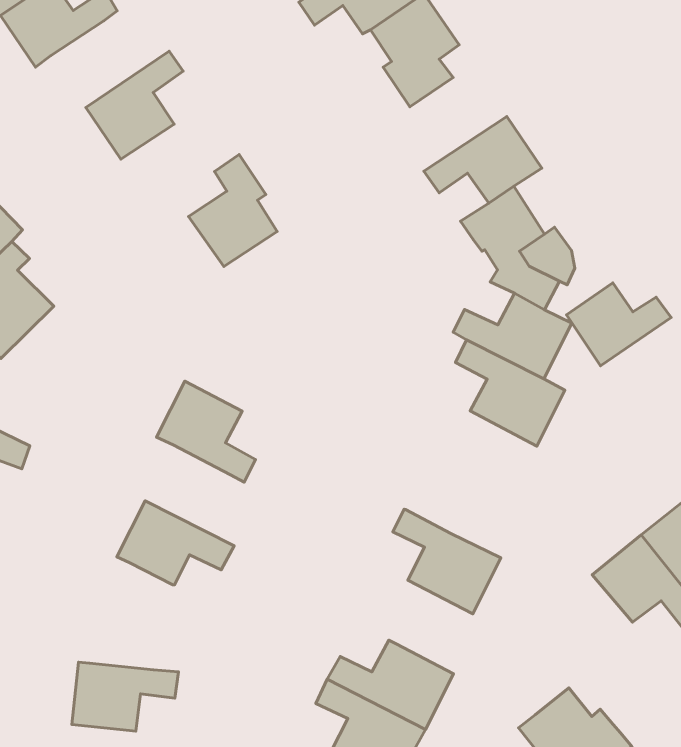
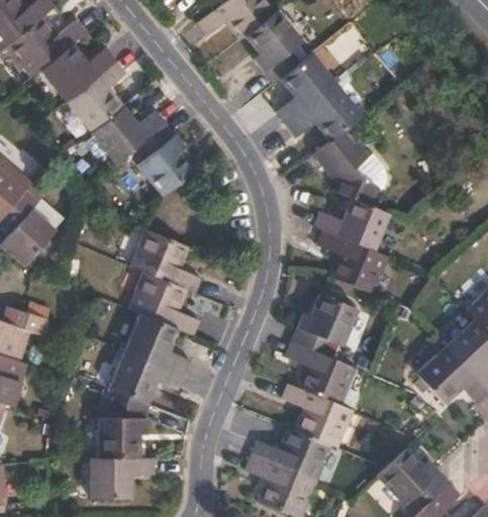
building: none -> [40,43,116,100]
building: none -> [276,53,336,123]
building: none -> [91,106,167,163]
building: [566,283,671,366] -> none
building: none -> [130,228,196,290]
building: none -> [291,293,357,354]
building: none -> [124,312,190,374]
building: none -> [97,390,147,457]
building: none -> [281,383,352,447]

